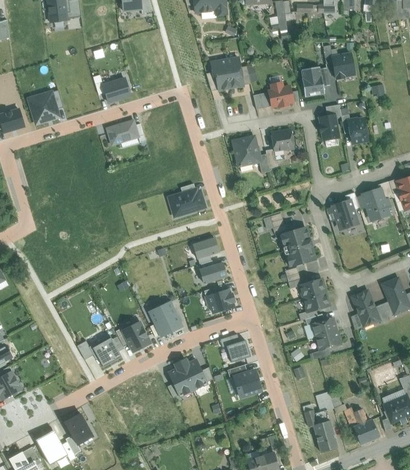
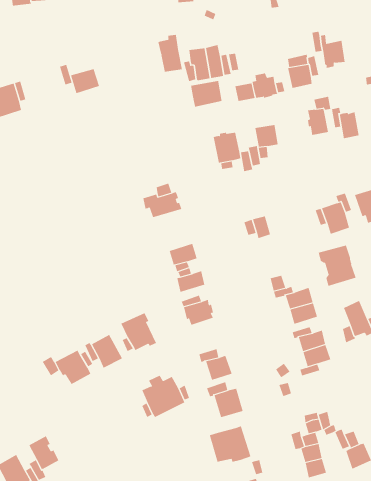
building: none -> [158,33,183,72]
building: none -> [190,80,222,108]
building: [107,121,138,145] -> none
building: [280,228,315,266] -> [318,245,356,286]
building: none -> [209,425,251,463]

